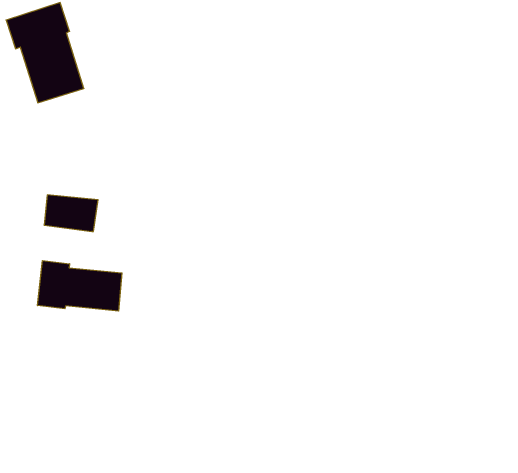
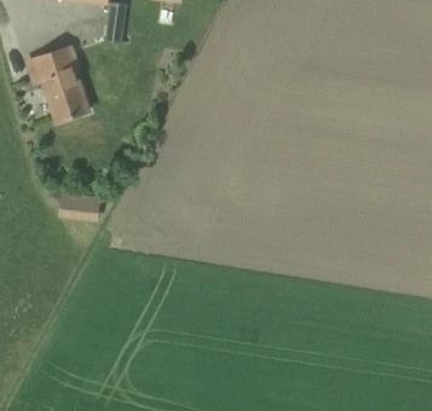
building: [38,261,122,311] -> none

